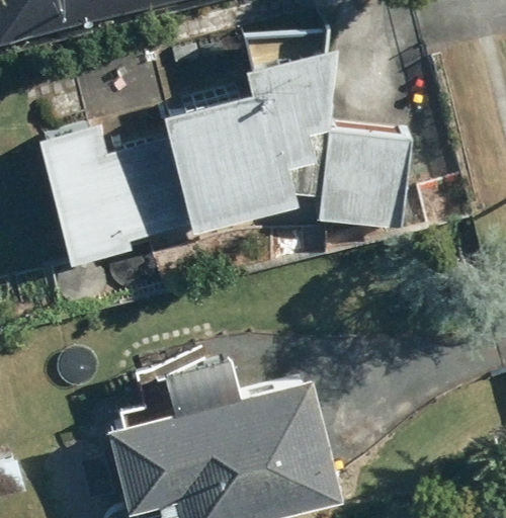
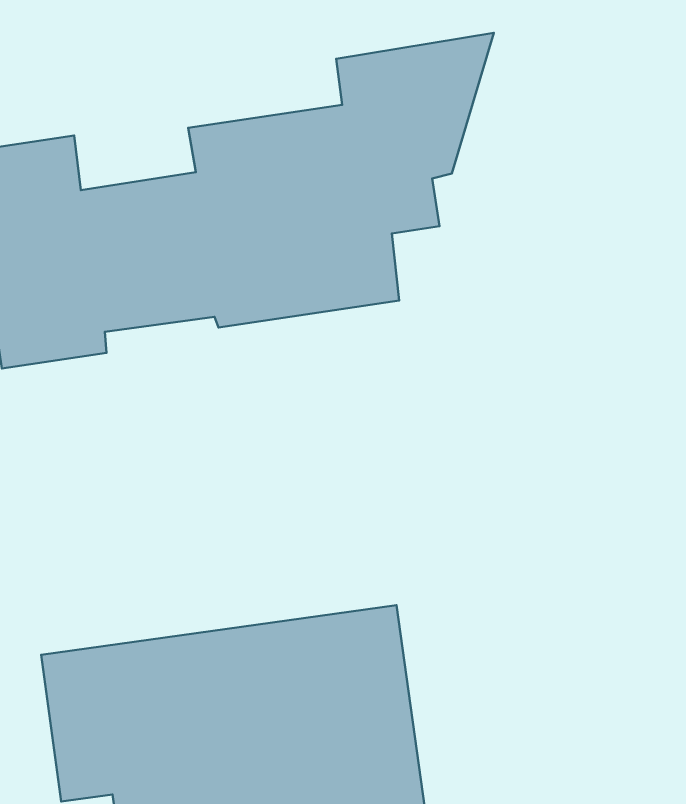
building: [317,132,411,233] -> none

